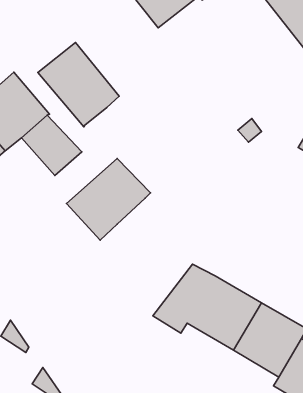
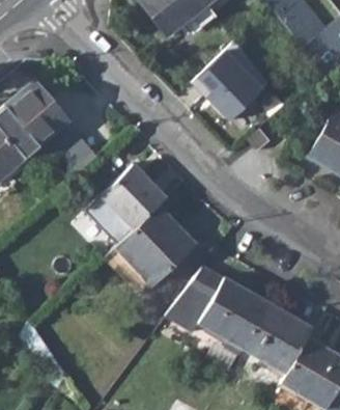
building: none -> [195,38,276,118]
building: [38,42,119,127] -> none
building: none -> [114,203,194,284]

